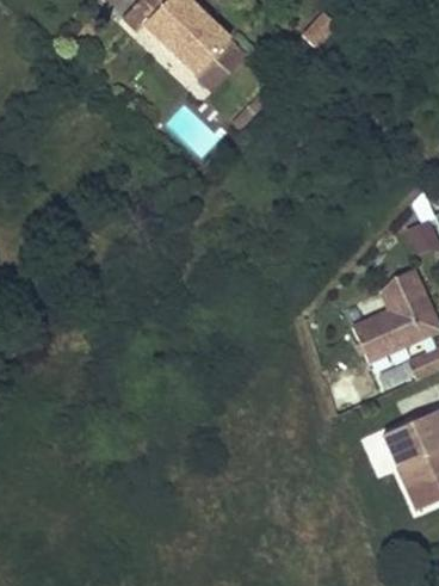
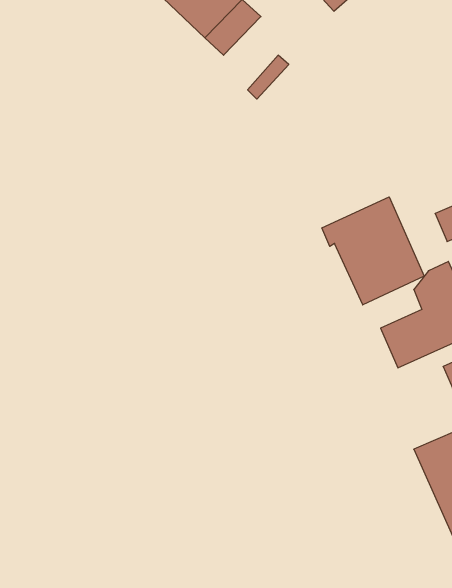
building: none -> [322,197,424,305]

